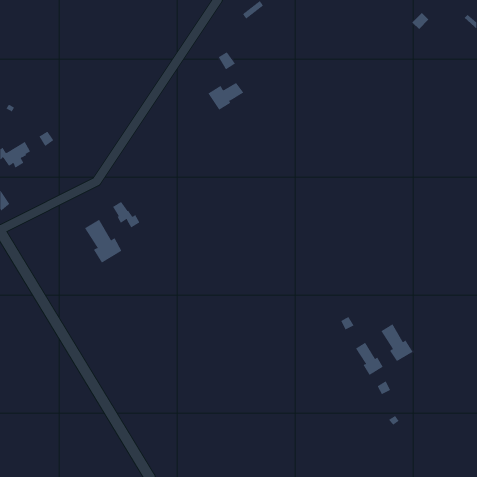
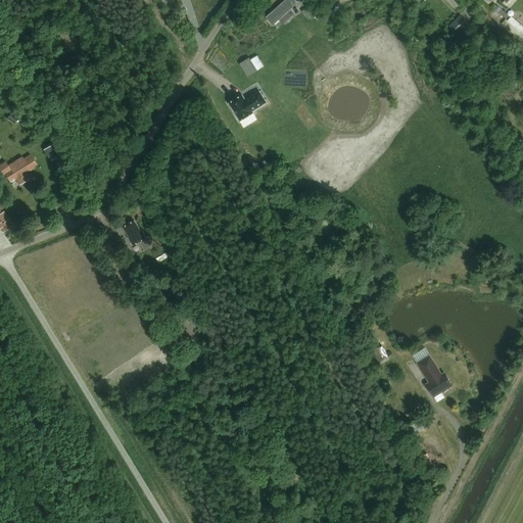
building: [84,219,122,264] -> none
building: [355,342,383,376] -> none

